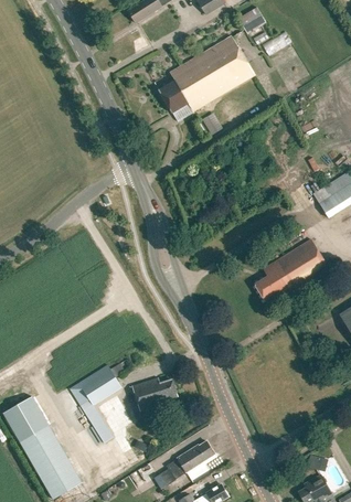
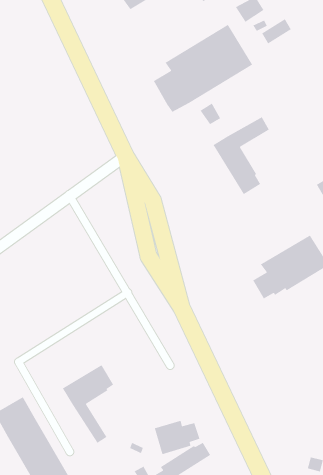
building: none -> [212,116,270,195]
building: [131,377,177,412] -> [154,420,201,455]

